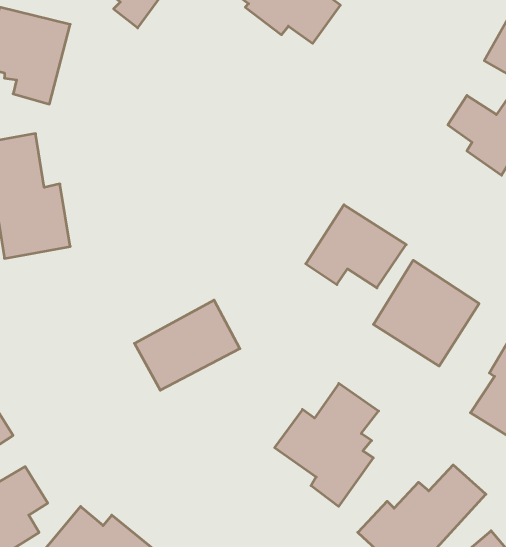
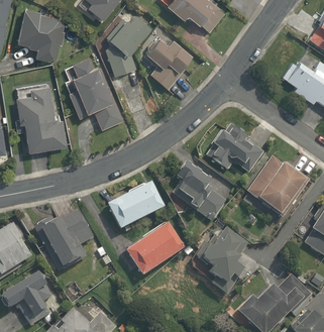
building: none -> [105,14,156,76]
building: none -> [145,33,200,87]
building: none -> [67,54,122,128]
building: none -> [169,160,229,221]
building: none -> [34,208,92,274]
building: none -> [123,220,186,278]

